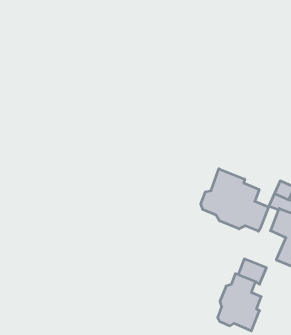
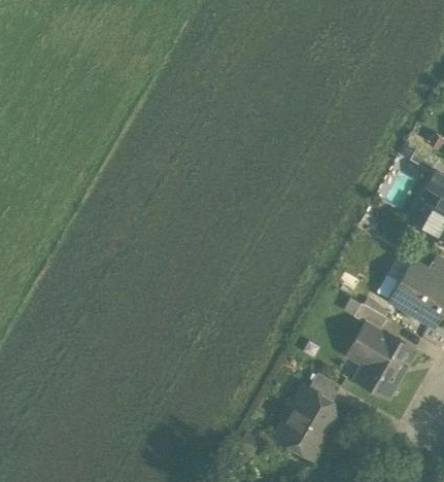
building: [201,169,269,231] -> none

